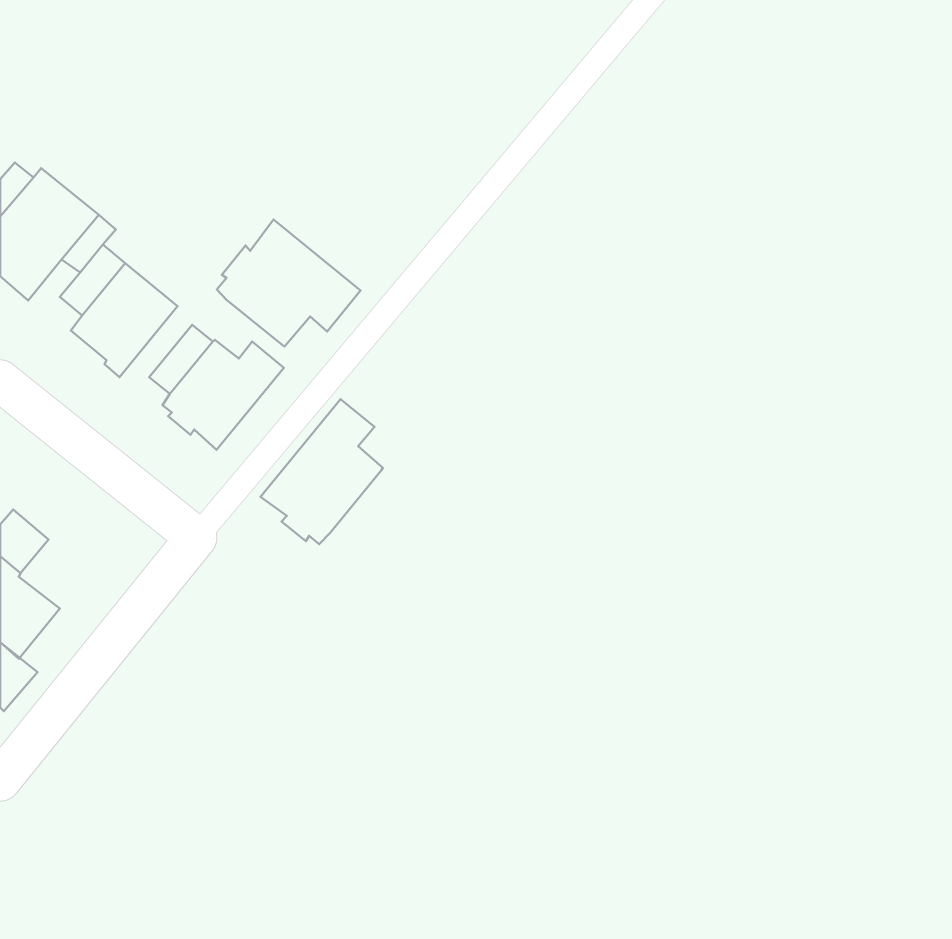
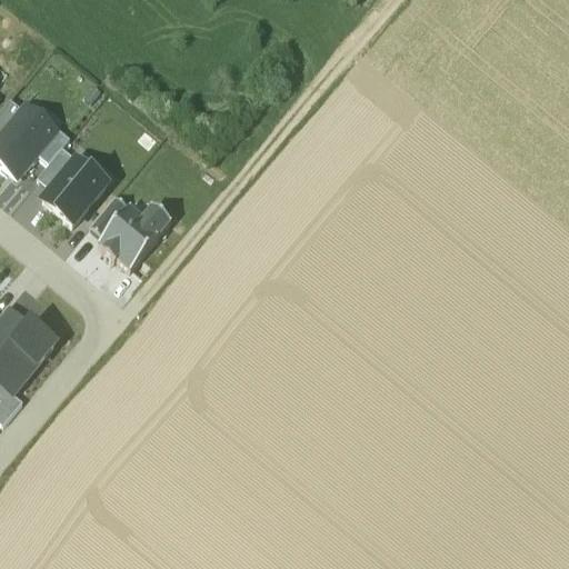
building: [217,219,360,346] -> none
building: [261,399,383,544] -> none
building: none -> [12,321,54,362]

